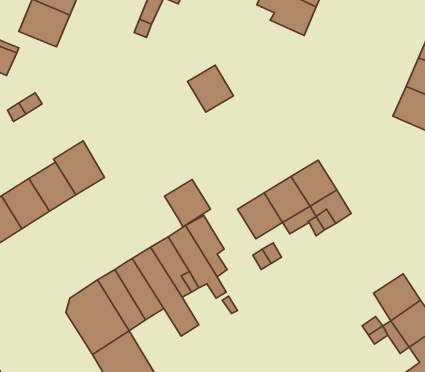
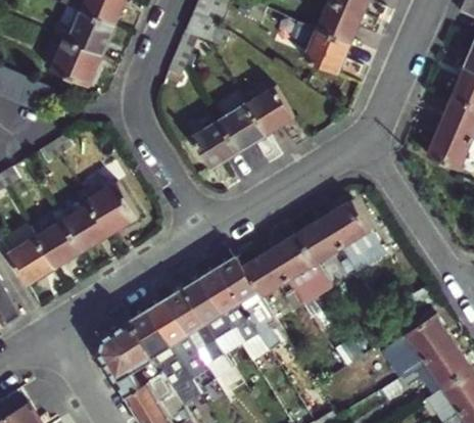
building: none -> [247,87,293,135]
building: none -> [191,121,238,169]
building: [164,180,210,227] -> [242,248,288,295]

